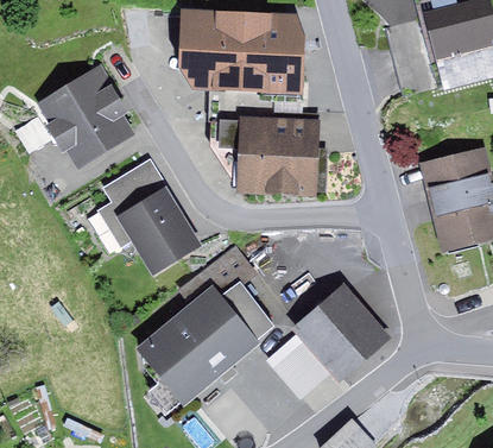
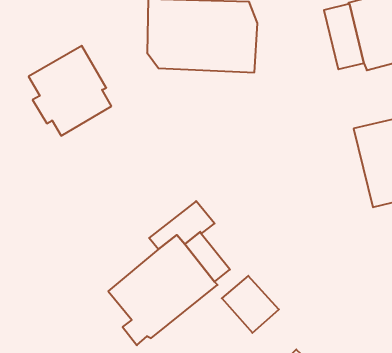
building: [217,116,321,200] -> none
building: [96,159,203,279] -> none
building: [292,283,391,383] -> none

